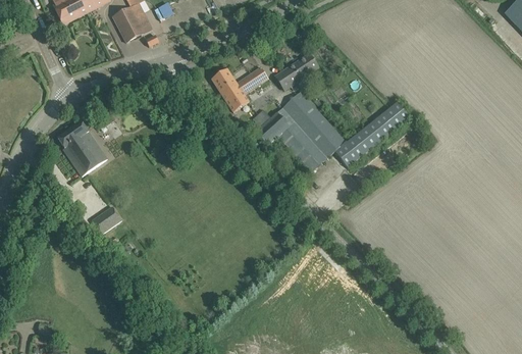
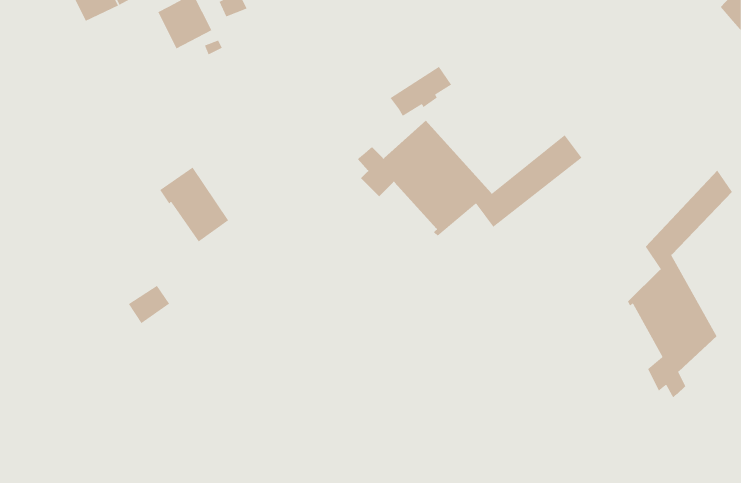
building: [211,66,267,111] -> none
building: [57,120,106,173] -> [159,166,229,242]
building: none -> [627,169,733,398]

